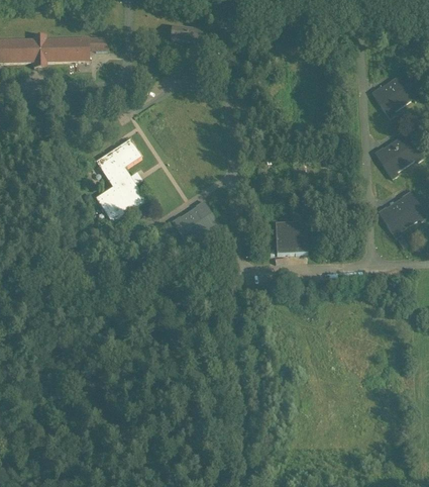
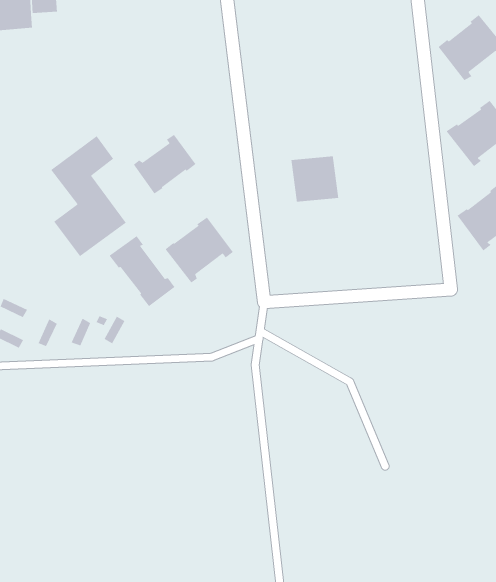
building: none -> [133,134,197,195]
building: none -> [108,235,176,307]
building: [274,224,306,256] -> [291,155,339,202]

